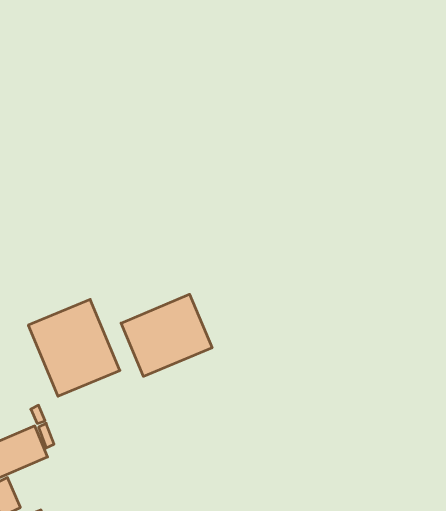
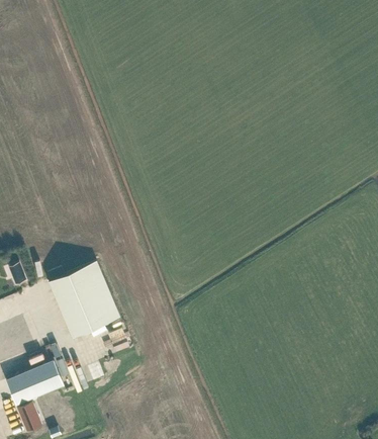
building: [121,294,212,376] -> none

